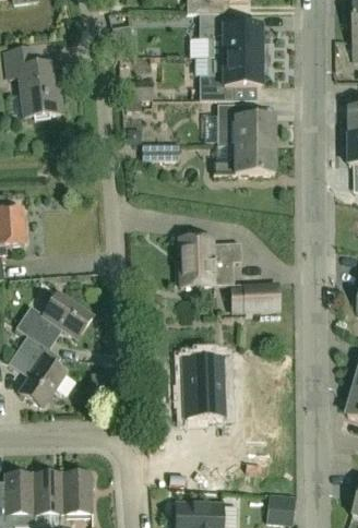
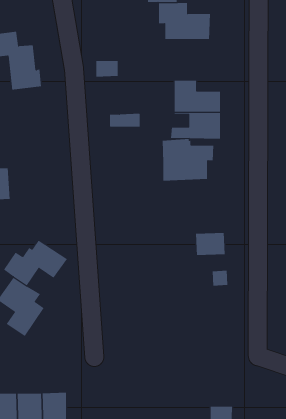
building: [198,55,259,97] -> none
building: [177,235,239,285] -> [162,139,214,181]
building: [183,348,232,413] -> none

